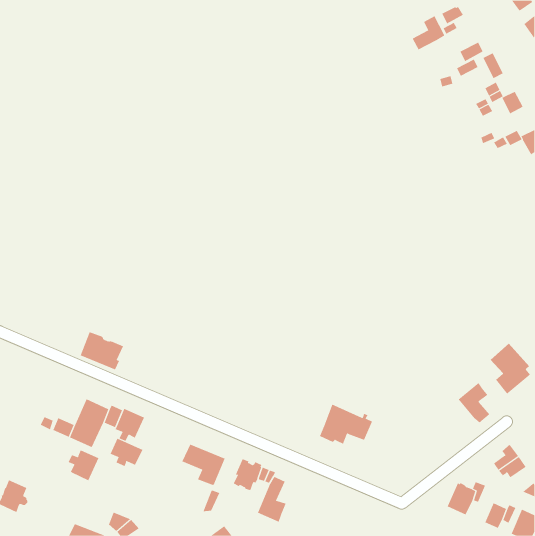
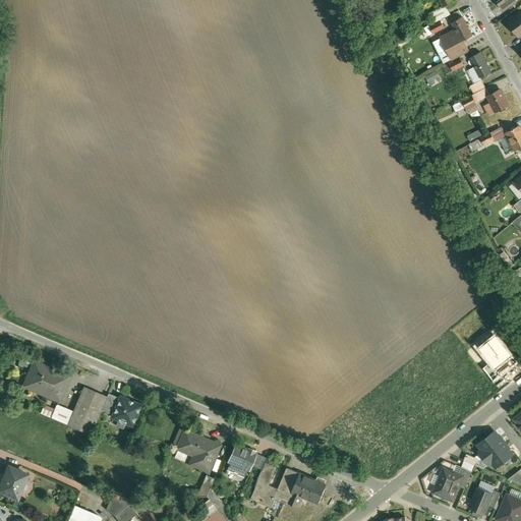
building: [412,15,445,50] -> [440,16,472,50]
building: [80,331,124,370] -> [23,362,66,400]
building: [458,382,490,424] -> none
building: [319,404,373,445] -> [274,467,326,507]
building: [110,438,143,467] -> none
building: [68,449,99,481] -> none

